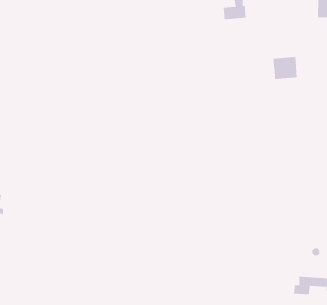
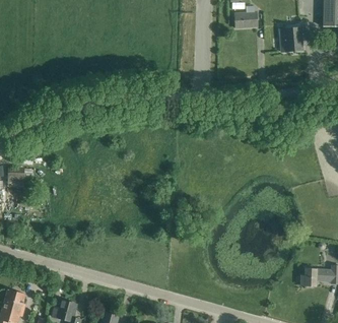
building: [272,56,297,80] -> [279,28,302,51]

